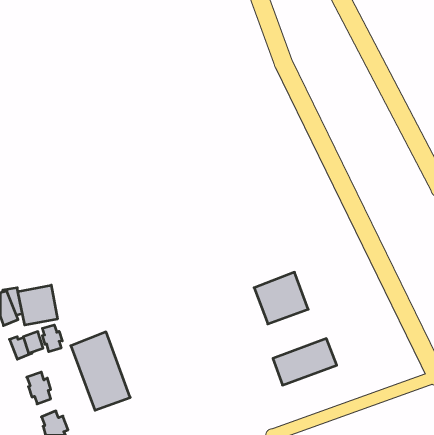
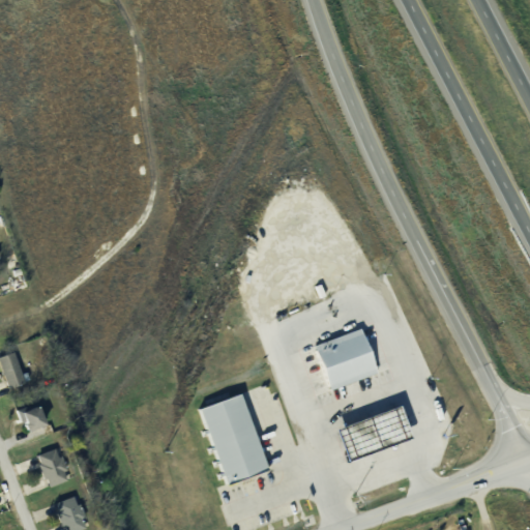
building: [18,285,57,325] -> none
building: [42,325,62,352] -> none
building: [71,332,130,410] -> [198,392,269,487]

